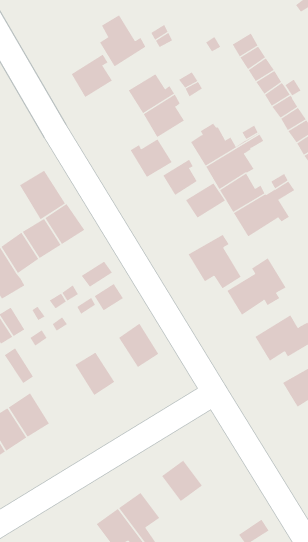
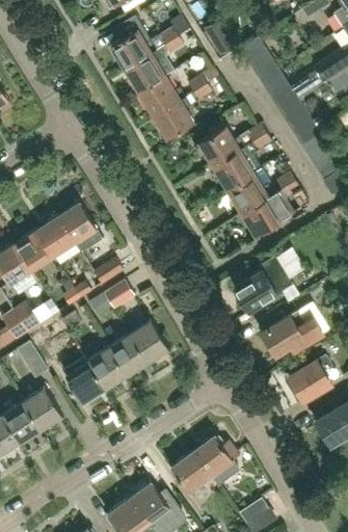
building: [71,54,113,98] -> [125,50,165,92]
building: [130,139,172,178] -> none
building: [163,159,198,196] -> none
building: [19,170,66,220] -> none
building: [185,183,226,218] -> none
building: [188,234,241,289] -> none
building: none -> [107,332,148,375]
building: none -> [64,358,105,403]
building: none -> [192,434,239,476]

